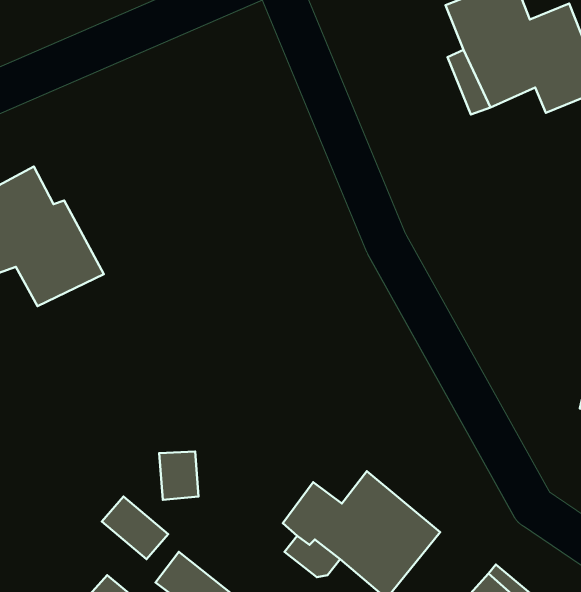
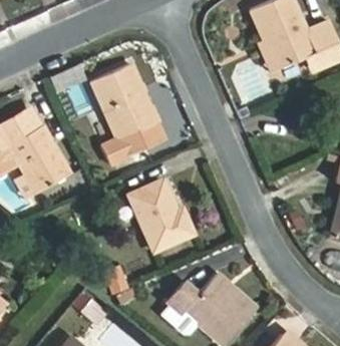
building: none -> [92,64,163,164]
building: none -> [127,186,190,254]

